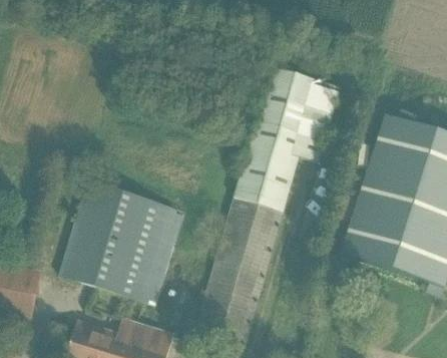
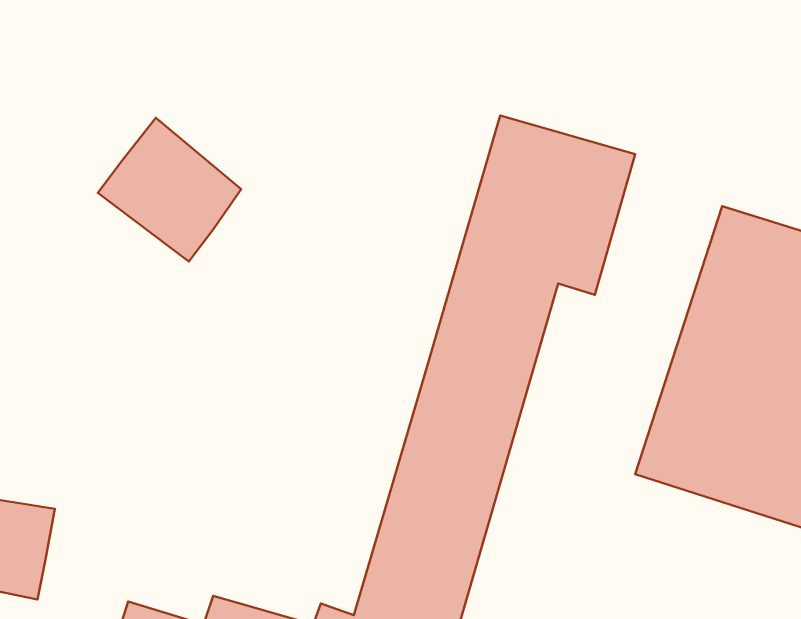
building: none -> [98,118,241,261]
building: [60,178,184,305] -> none

